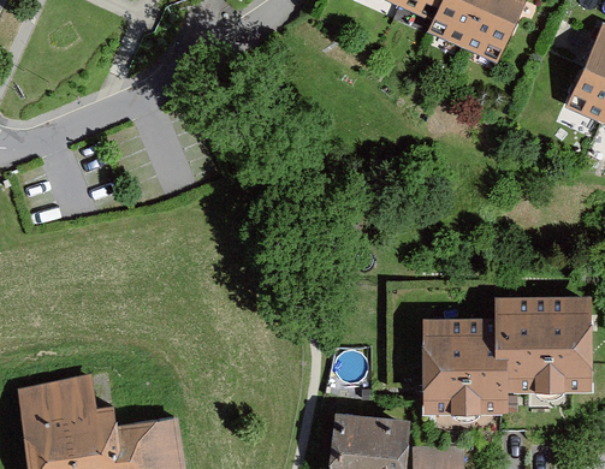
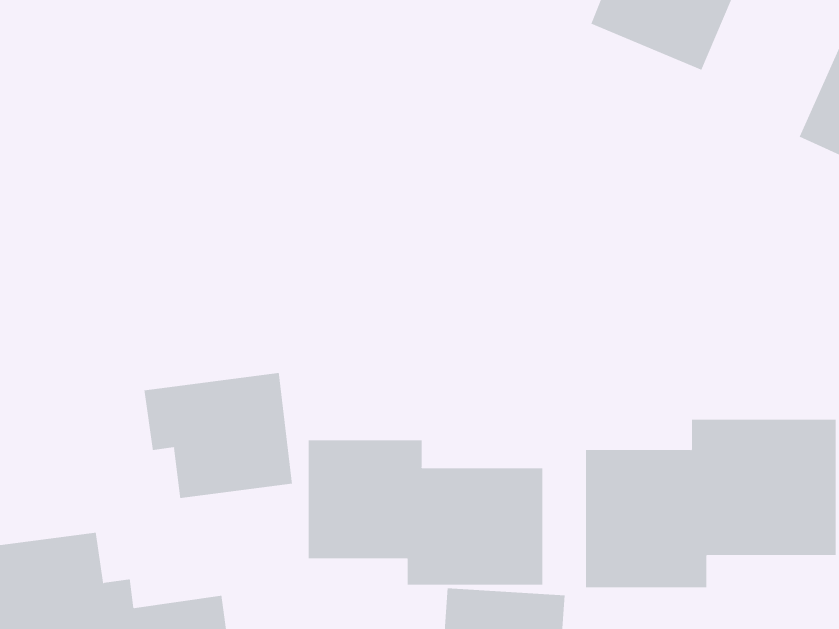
building: none -> [144,372,292,499]
building: none -> [308,439,543,586]

